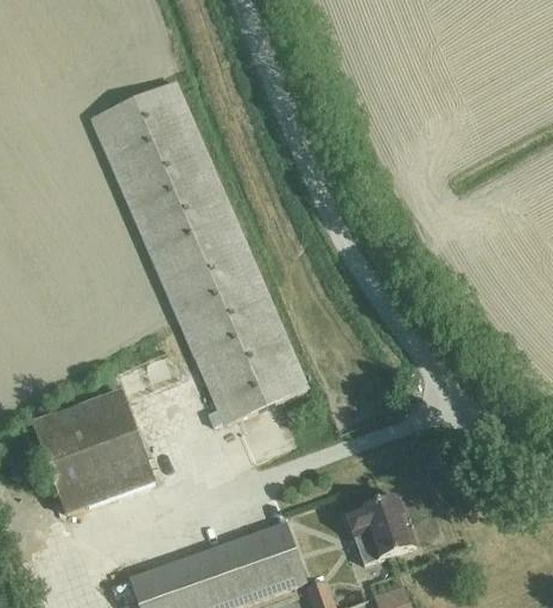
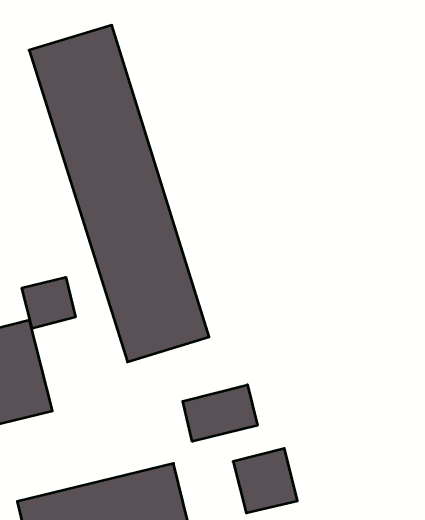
building: none -> [22,277,75,329]
building: none -> [183,385,257,441]

